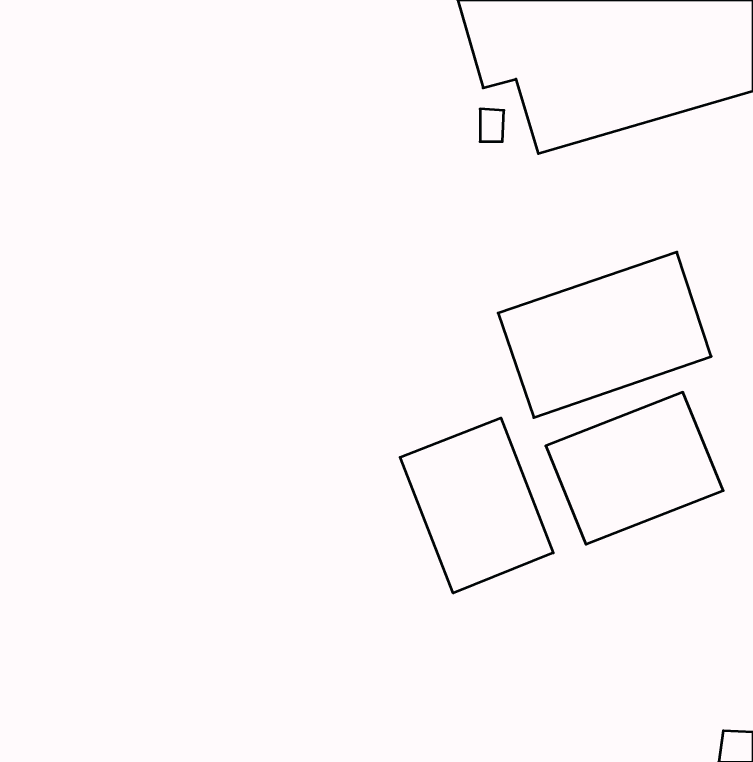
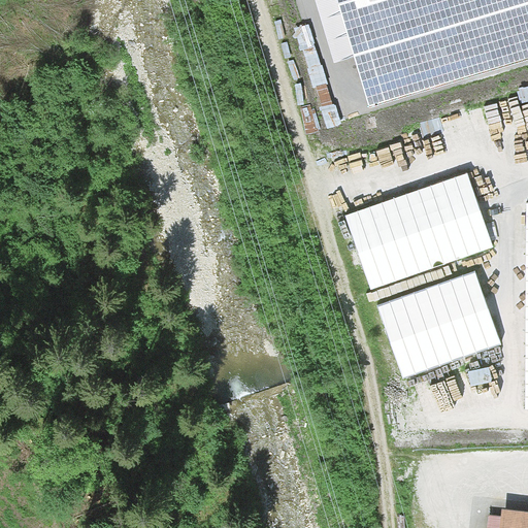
building: [400,418,553,593] -> none

